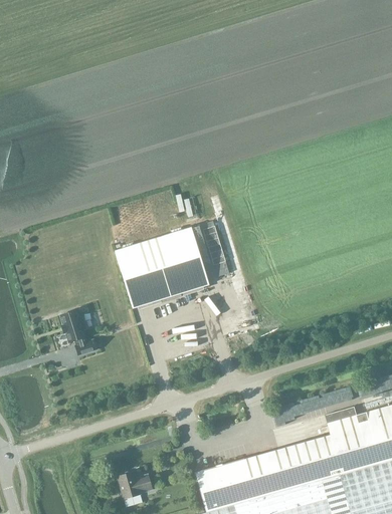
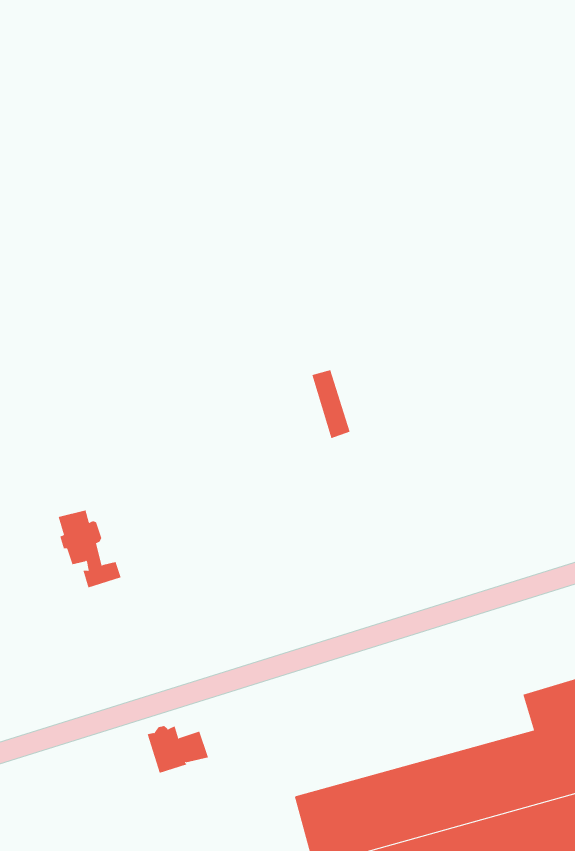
building: [115,228,210,309] -> none
building: [118,472,153,499] -> [147,725,209,773]

